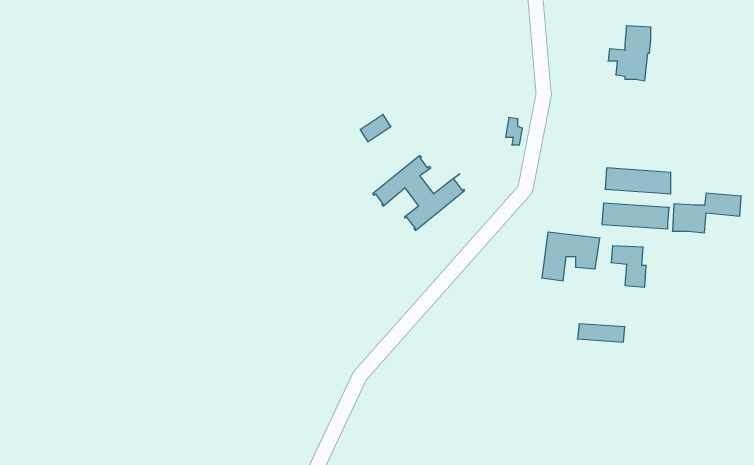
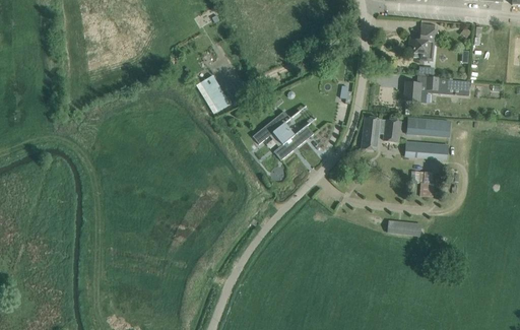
building: none -> [196,74,230,113]
building: [672,193,741,233] -> [404,75,450,102]
building: [542,232,600,281] -> [362,117,400,149]

